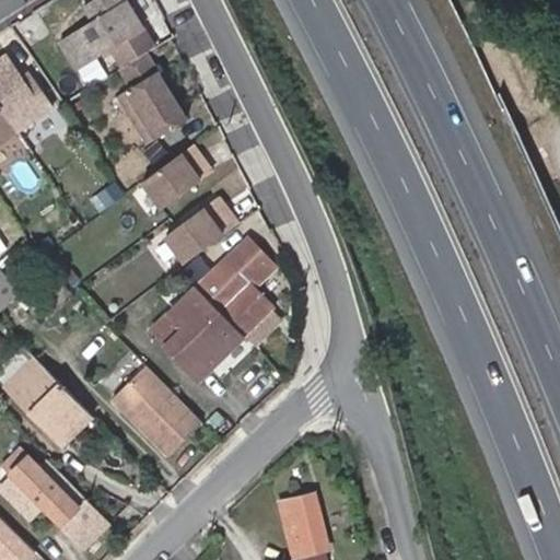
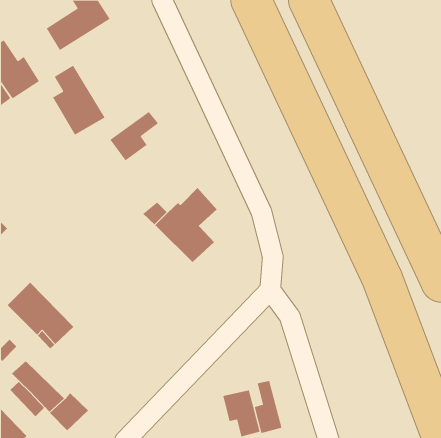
building: [117,51,185,141] -> [52,65,106,135]
building: [167,198,238,259] -> none
building: [170,291,244,377] -> none
building: [108,364,205,462] -> none
building: none -> [254,380,282,434]

